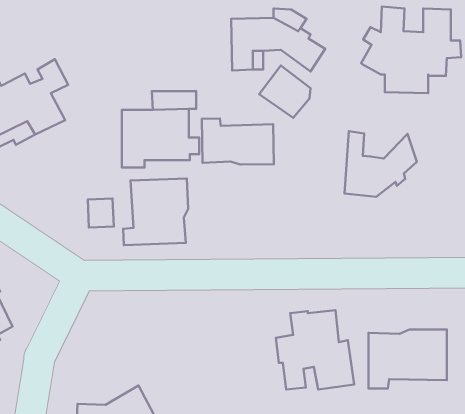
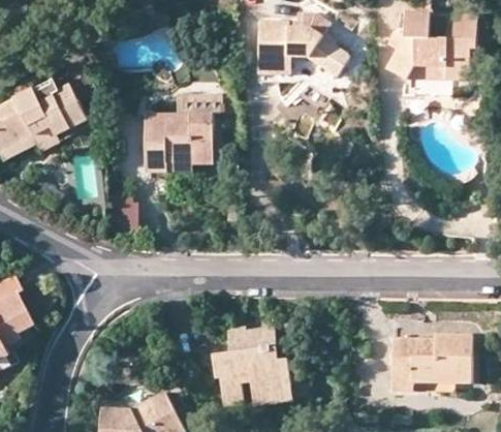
building: [202,118,274,165] -> none
building: [345,131,417,197] -> none
building: [123,178,188,245] -> none
building: [276,310,354,390] -> [213,326,291,405]

